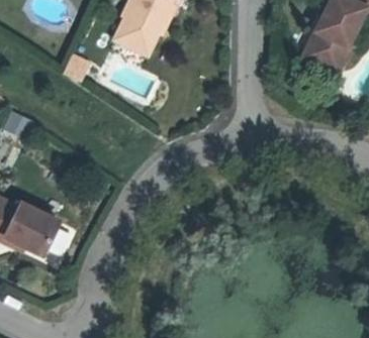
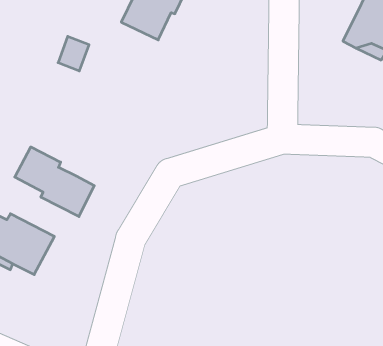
building: none -> [15,147,94,217]

